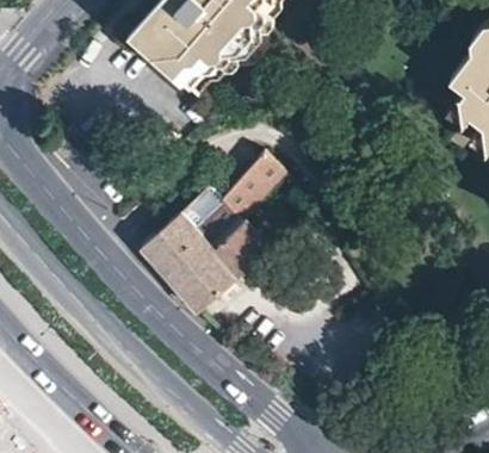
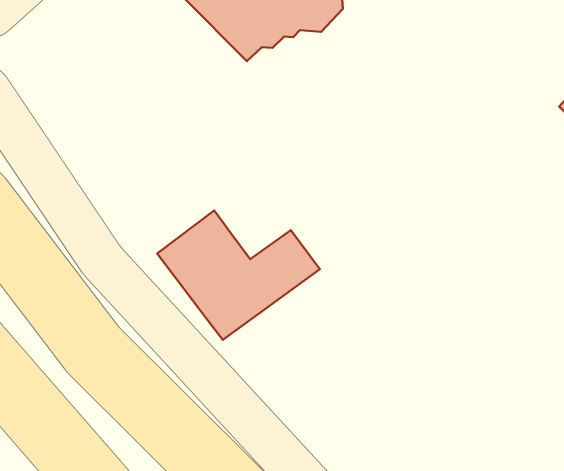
building: [181,157,280,250] -> none

